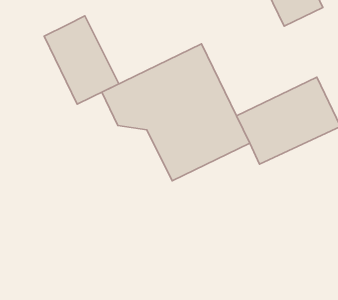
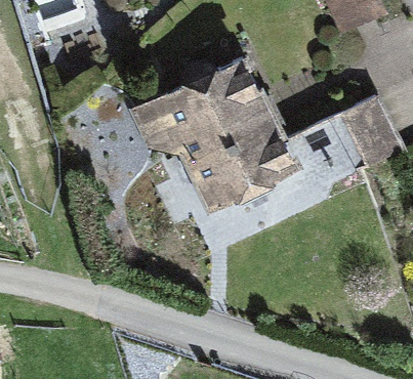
building: [44,16,119,104] -> none

